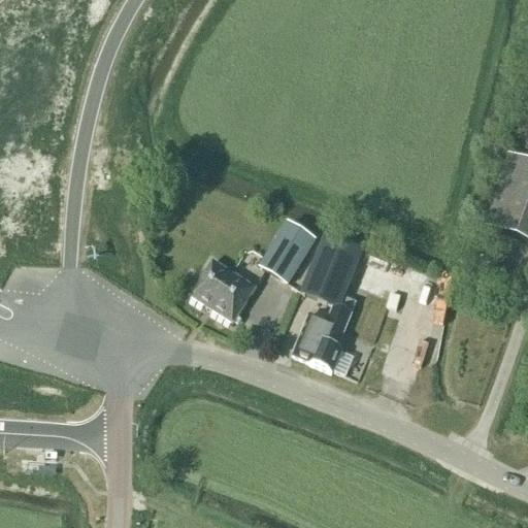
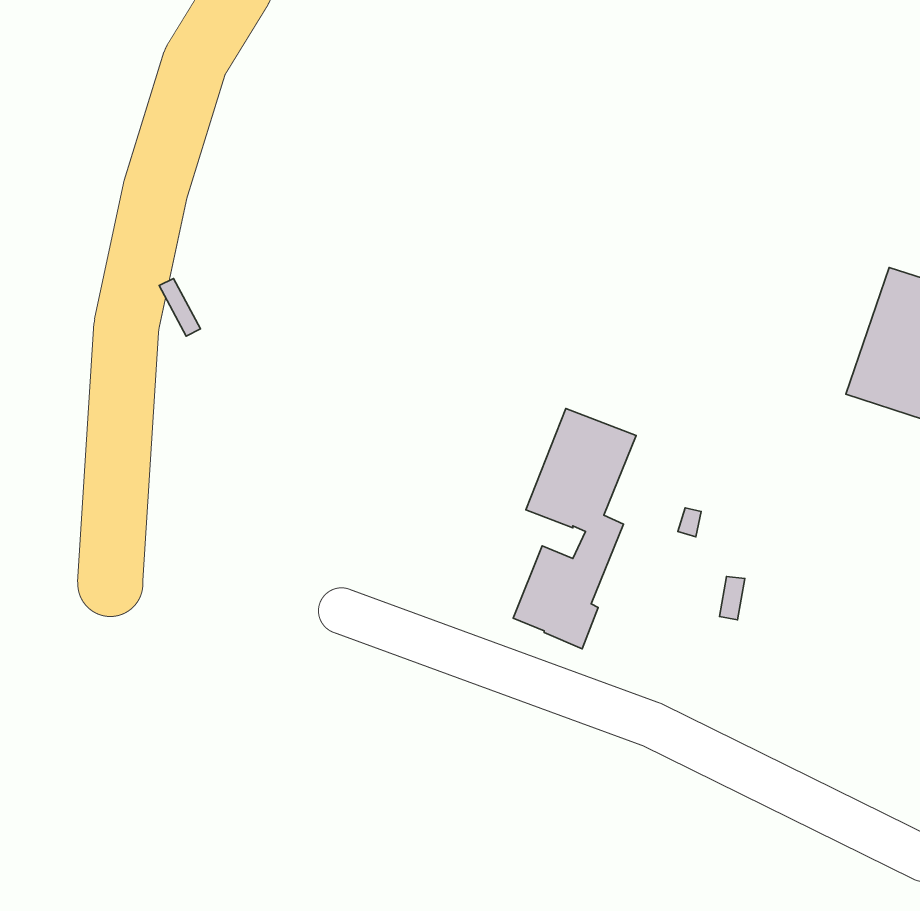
building: [260,219,317,282] -> none
building: [190,257,256,321] -> none

